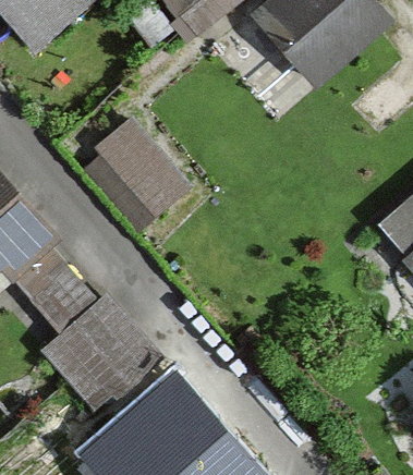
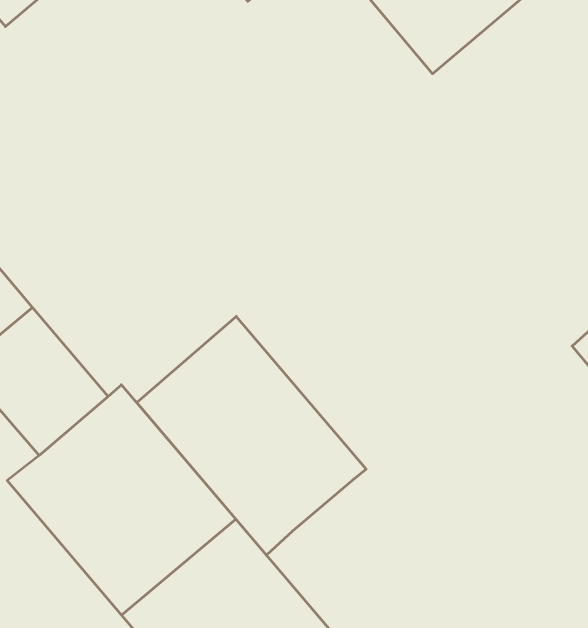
building: [75,120,186,233] -> none
building: none -> [137,316,366,555]

